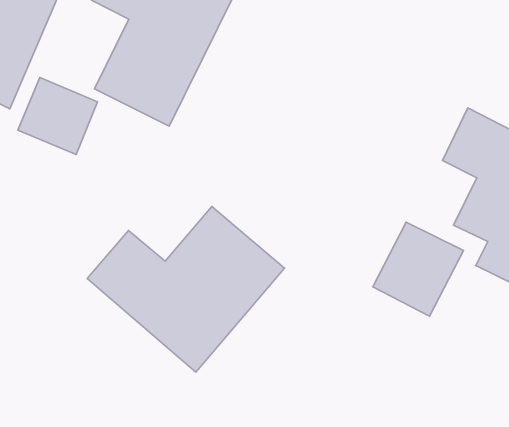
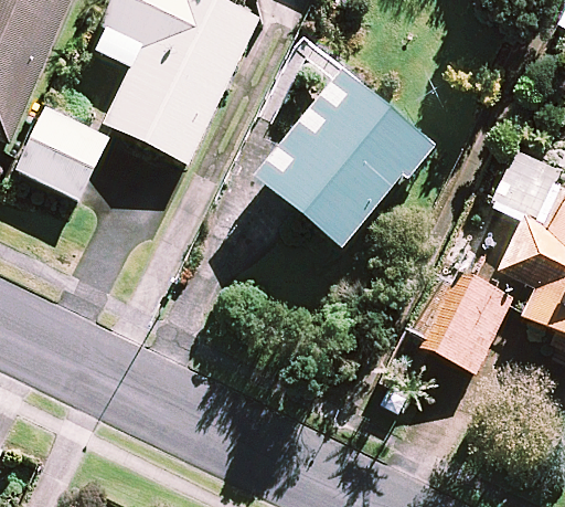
building: none -> [255,71,430,249]
building: [87,207,284,372] -> none

